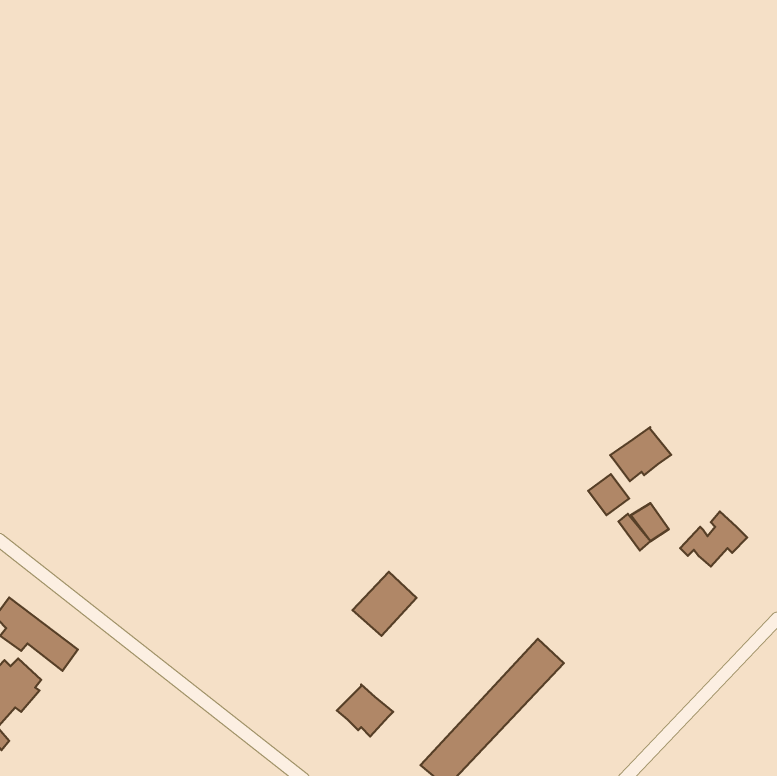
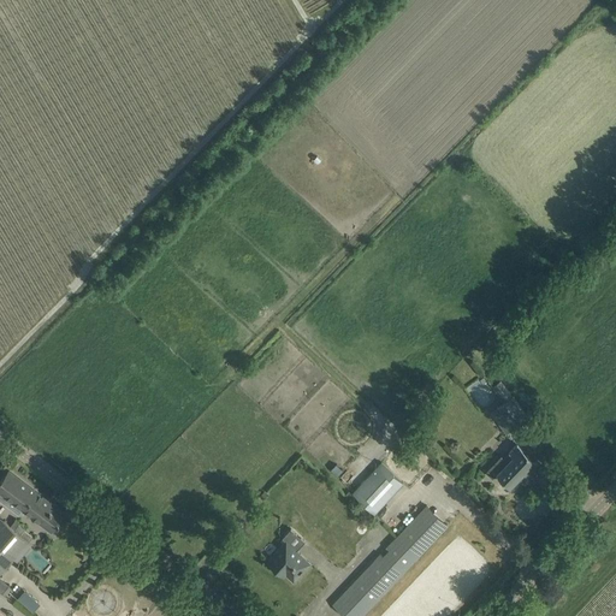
building: [610,427,671,481] -> none
building: [680,512,747,567] -> [485,445,538,488]
building: [352,572,416,636] -> [351,464,402,515]

